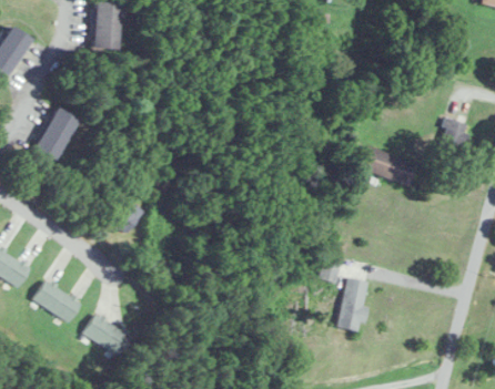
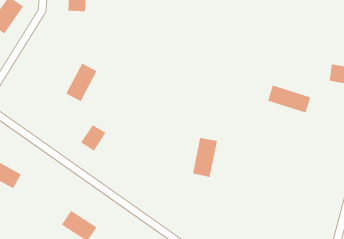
building: [36,106,79,160] -> [65,62,98,102]
building: [336,277,371,331] -> [192,137,218,178]
building: [34,278,82,321] -> none

